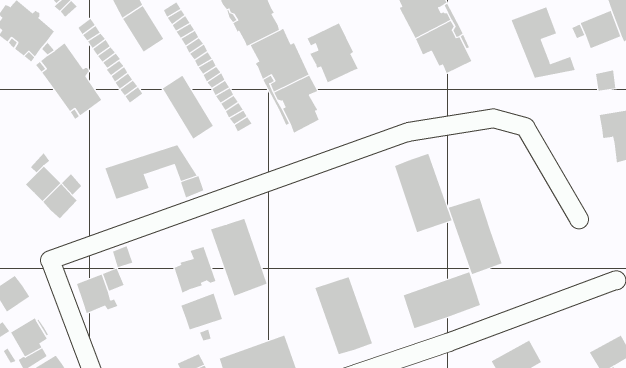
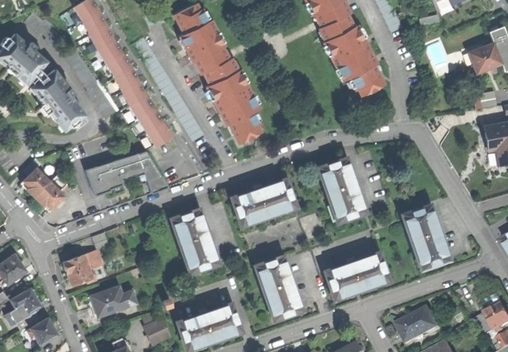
building: [511,7,575,79] -> none
building: [307,23,358,83] -> none
building: none -> [117,66,149,106]
building: none -> [232,179,296,226]
building: [448,198,502,275] -> [405,206,449,268]
building: [174,246,216,294] -> none
building: [181,293,223,330] -> [91,287,125,317]

